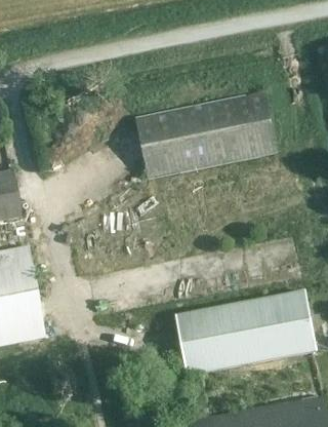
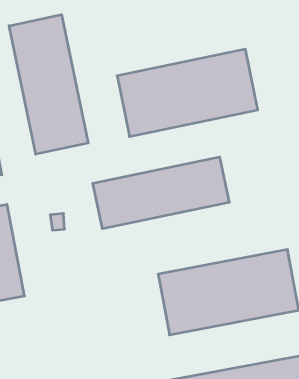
building: none -> [9,15,88,154]
building: none -> [93,157,229,229]

